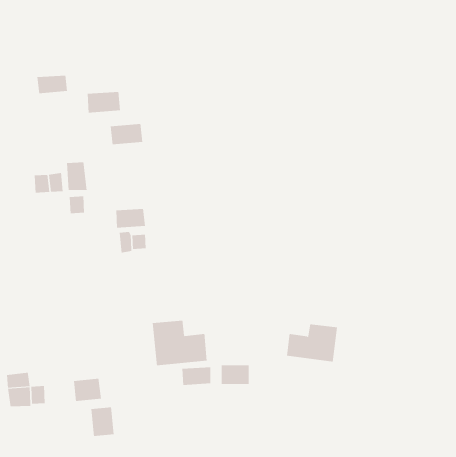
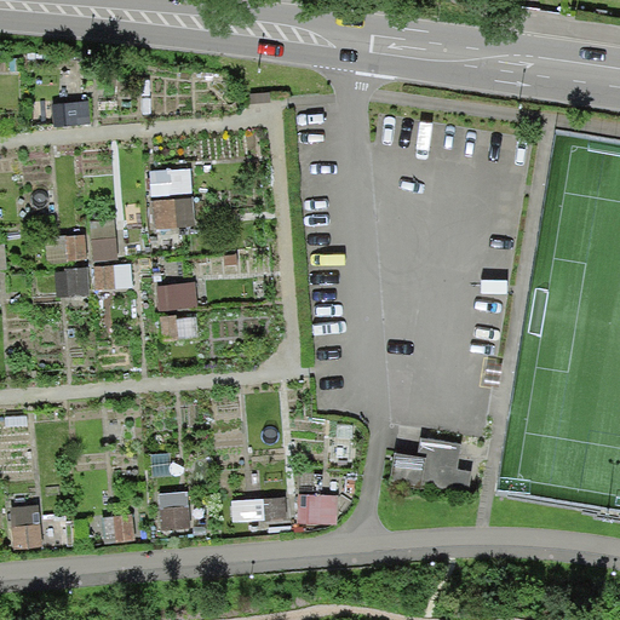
building: [87,92,121,113] -> [150,197,196,226]
building: none -> [51,265,92,299]
building: [152,320,207,366] -> none
building: [90,407,115,436] -> [159,489,191,529]

